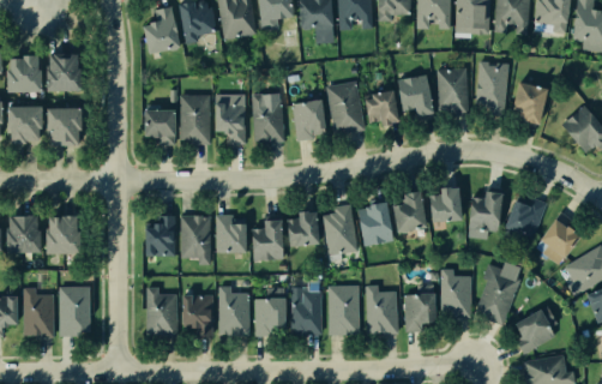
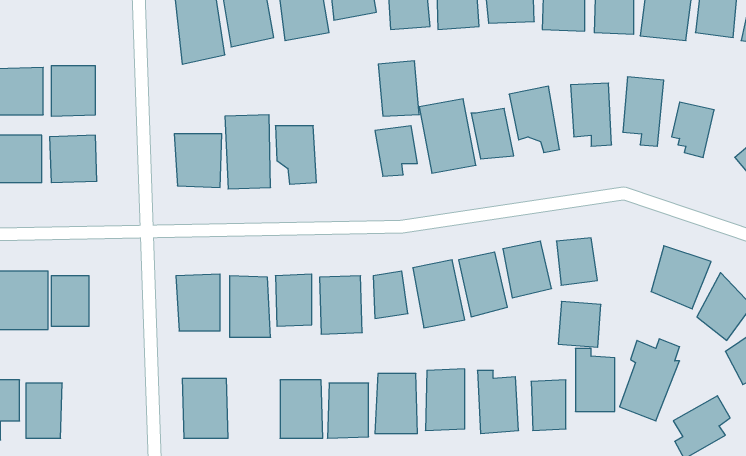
building: [253,101,284,143] -> [378,61,419,116]
building: [466,192,499,227] -> [558,301,601,347]
building: [61,286,90,342] -> none
building: [183,294,211,335] -> none

